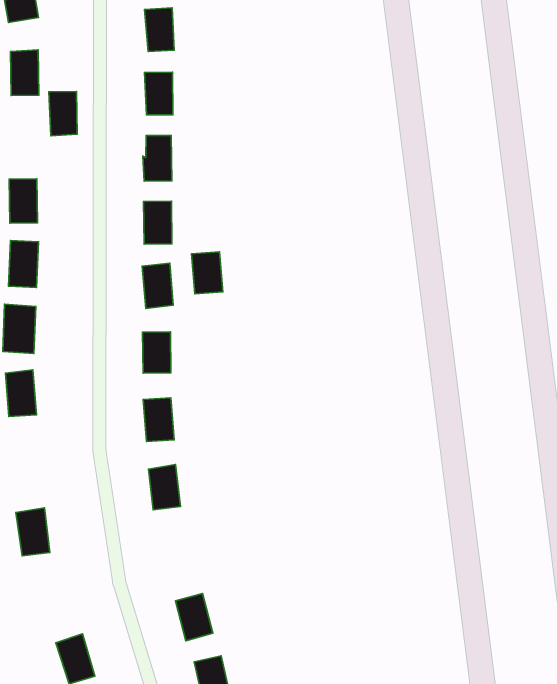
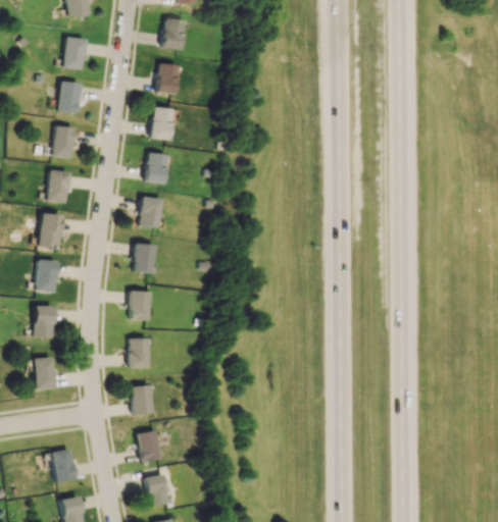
building: [49,92,77,136] -> [59,81,81,112]
building: [192,252,223,294] -> none
building: none -> [35,306,54,337]
building: none -> [132,383,154,415]

